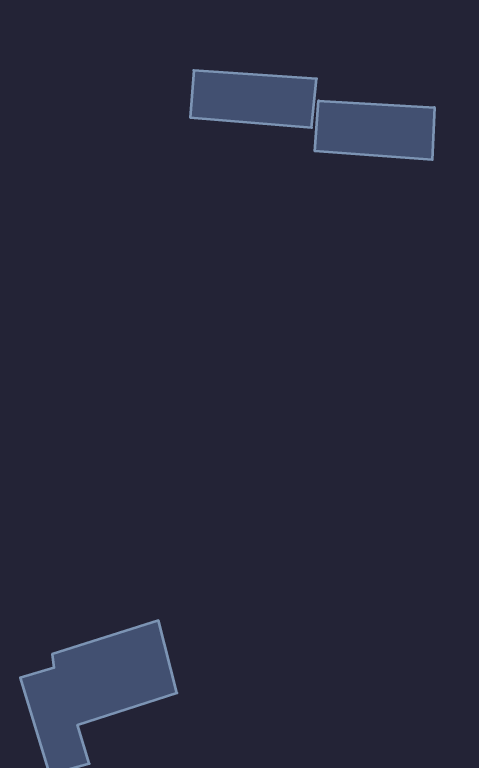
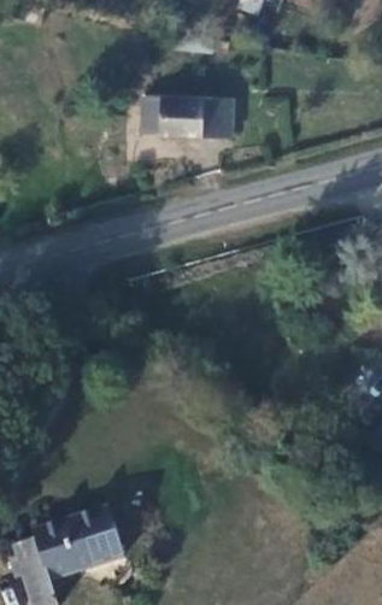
building: [315,101,434,160] -> none

